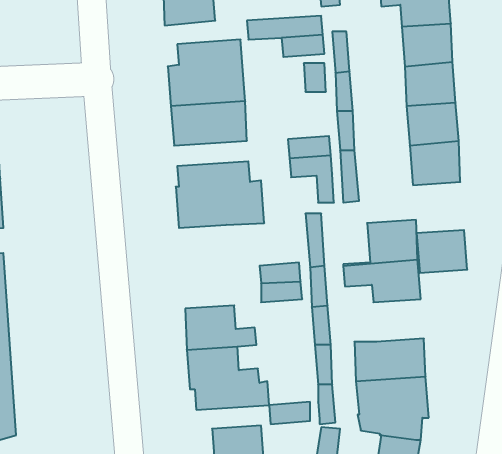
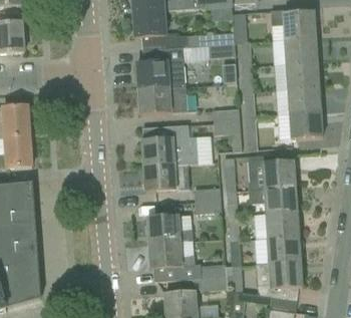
building: none -> [143,164,174,191]
building: [417,230,467,273] -> [267,211,299,238]

